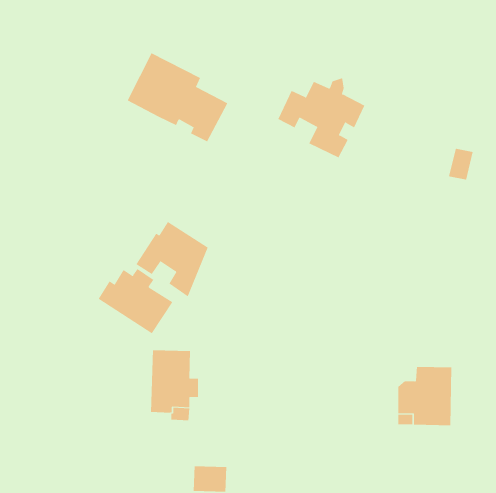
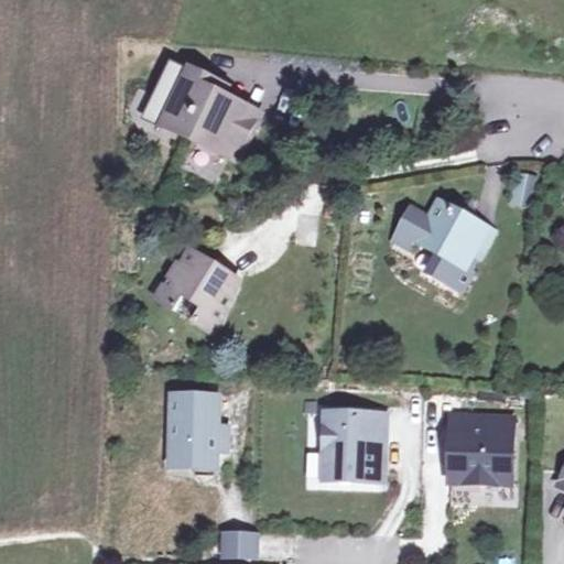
building: [277,77,365,158] -> [391,192,490,283]
building: [98,268,173,334] -> none
building: none -> [322,413,384,481]

